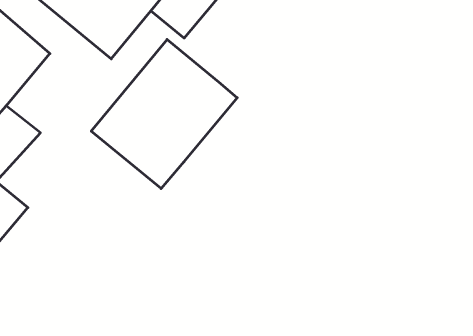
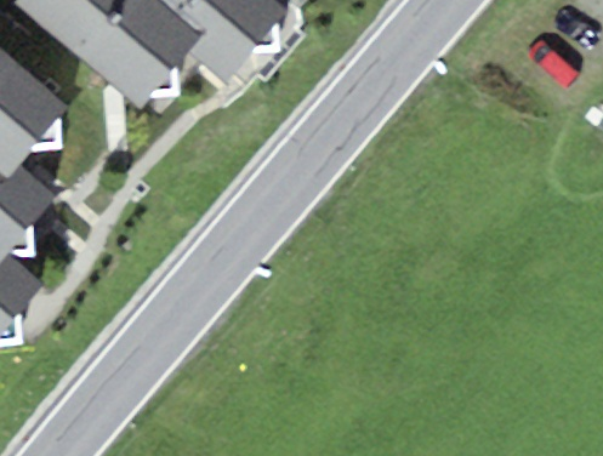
building: [91,39,237,189] -> none

